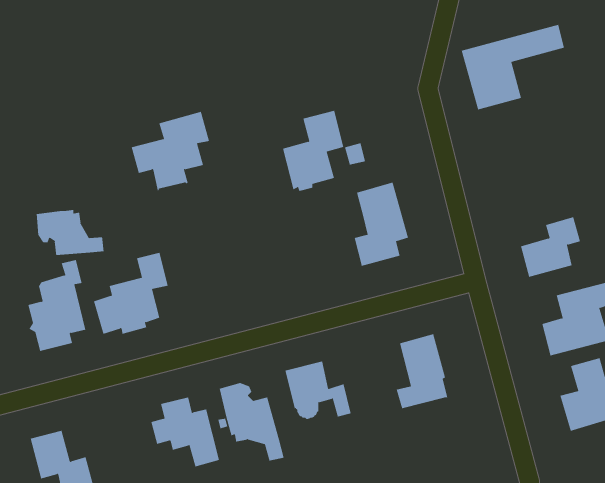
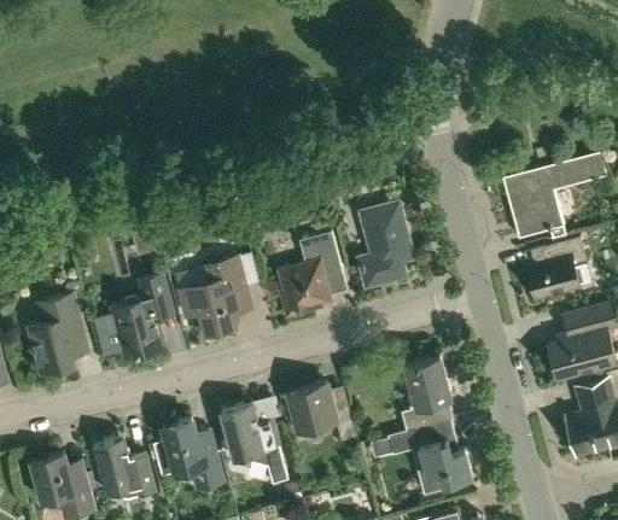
building: [461,24,565,110] -> [501,151,606,238]
building: [282,110,344,191] -> [278,232,340,314]
building: [131,111,210,191] -> [177,253,257,334]
building: [36,209,104,256] -> none
building: none -> [386,420,471,484]
building: none -> [93,439,154,498]

